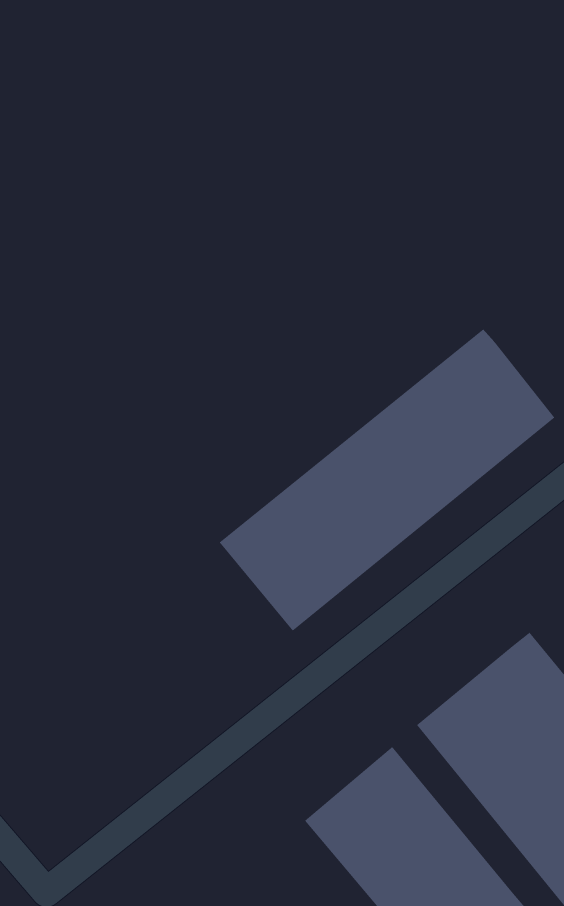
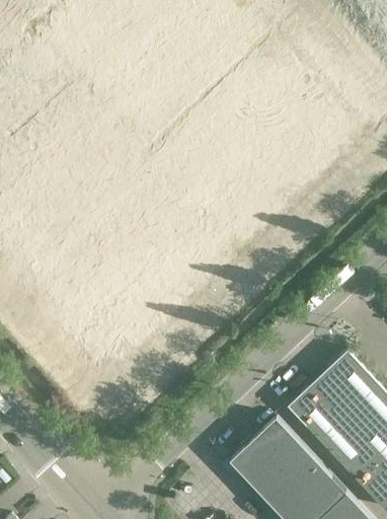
building: [219,328,555,632] -> none

